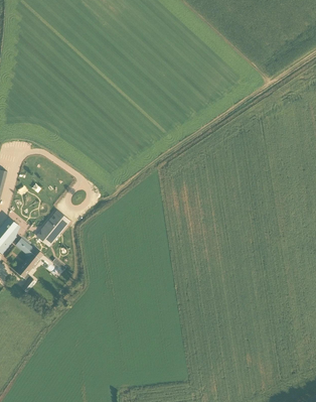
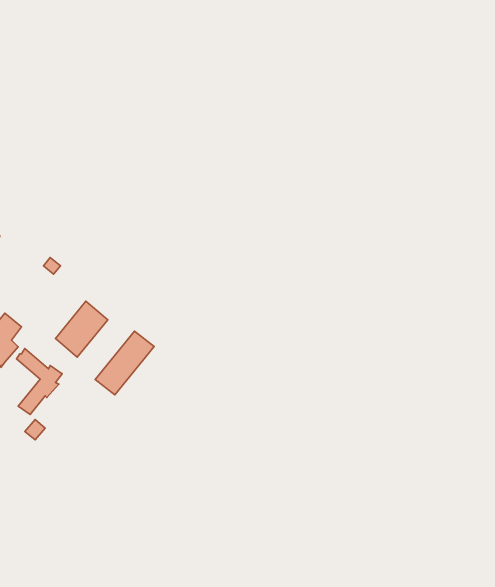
building: none -> [95,331,154,395]

